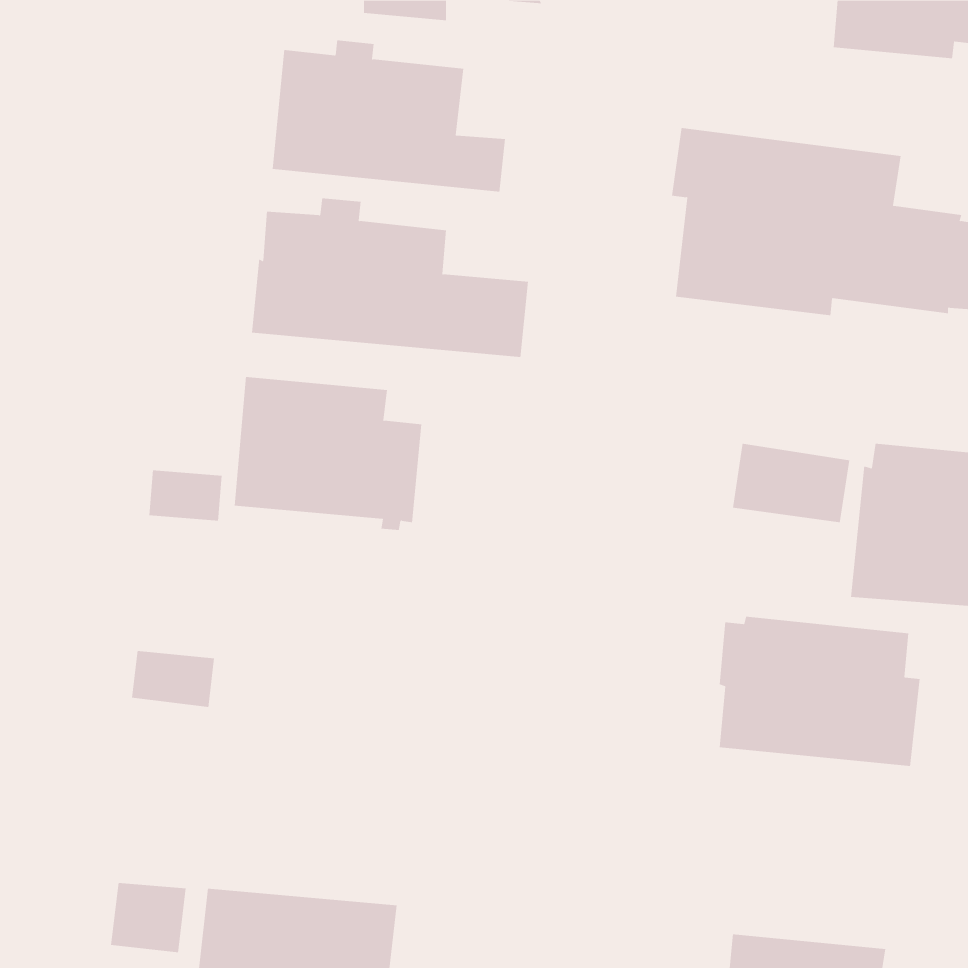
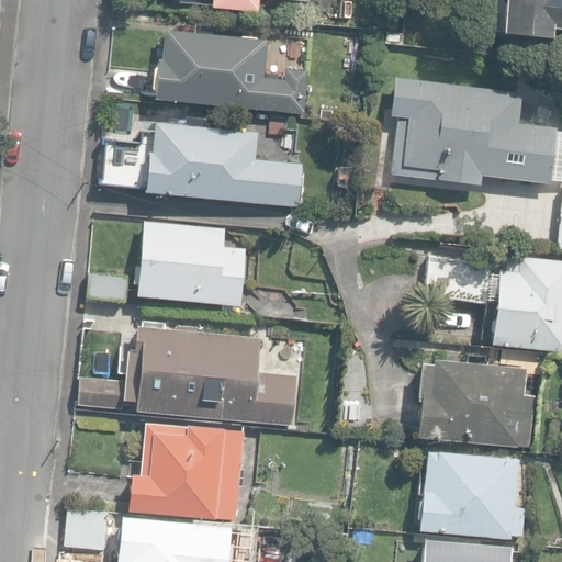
building: none -> [135,324,299,423]
building: none -> [127,422,243,519]
building: none -> [419,452,528,541]

